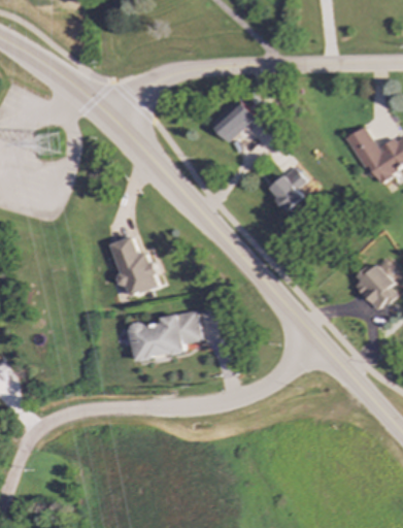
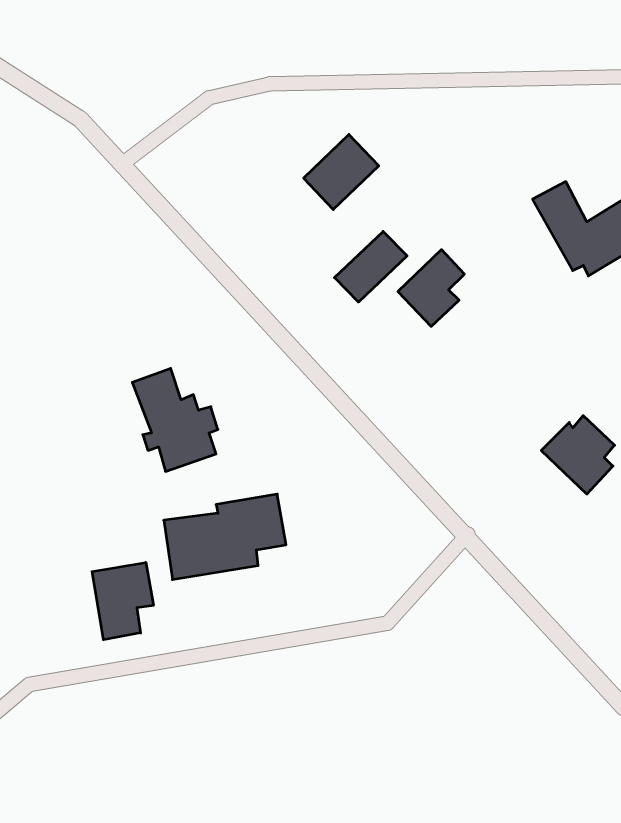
building: none -> [334,231,407,302]
building: none -> [92,562,153,640]

